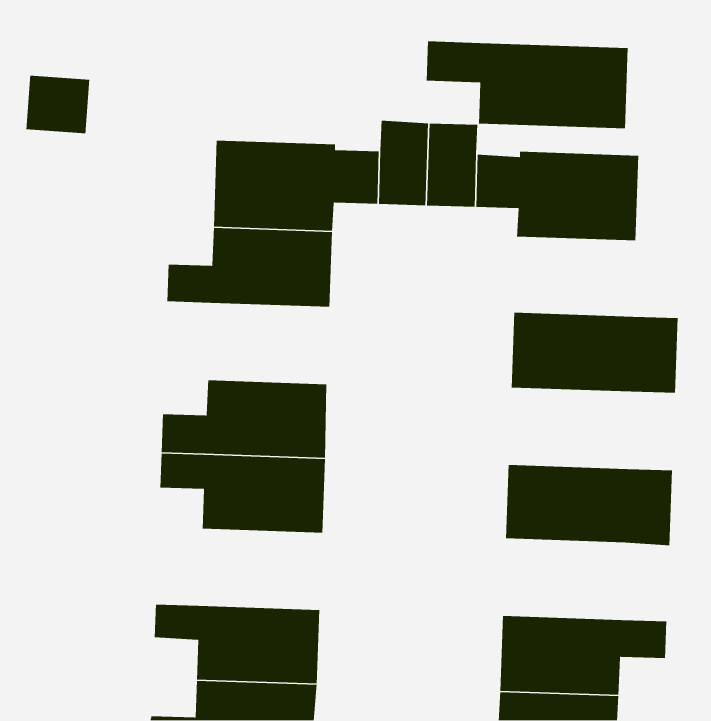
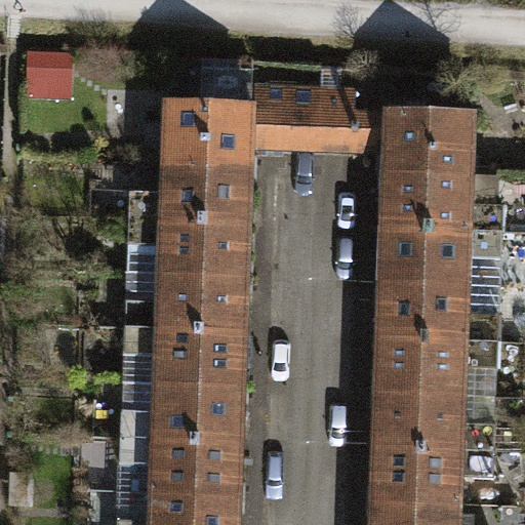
building: [426,40,629,129] -> none
building: none -> [380,172,501,231]
building: none -> [126,219,247,279]
building: none -> [376,282,498,341]
building: none -> [120,385,242,443]
building: none -> [372,392,493,451]

